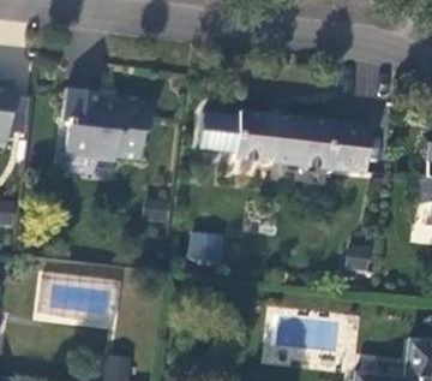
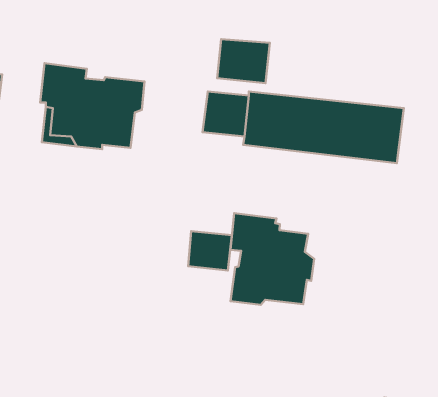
building: none -> [217,39,270,83]
building: none -> [230,213,314,305]

